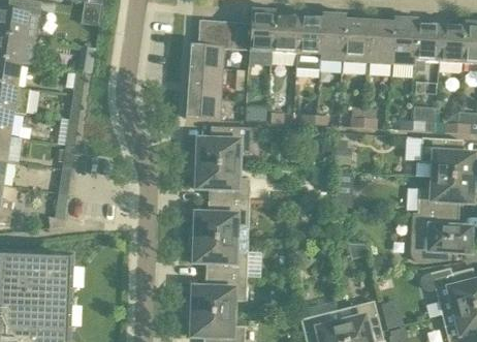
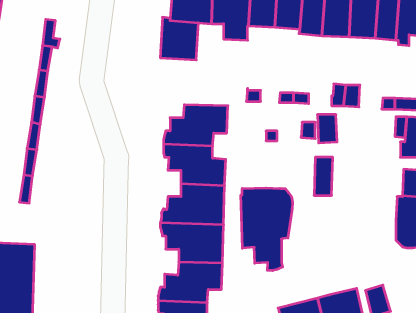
building: [186,82,222,119] -> none
building: none -> [241,188,292,271]

